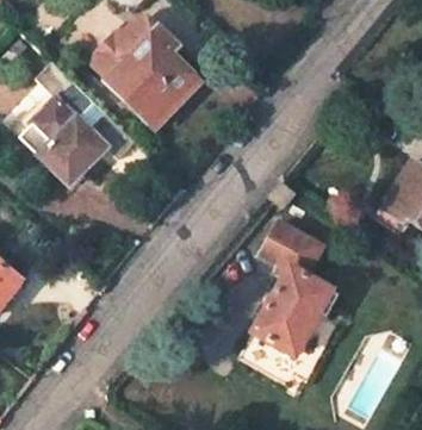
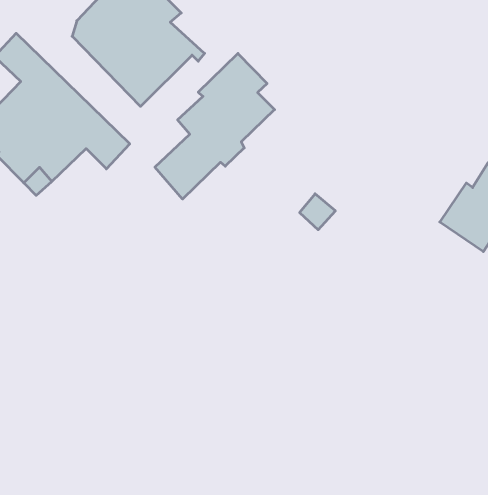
building: none -> [155,53,275,199]
building: [252,222,335,356] -> none

